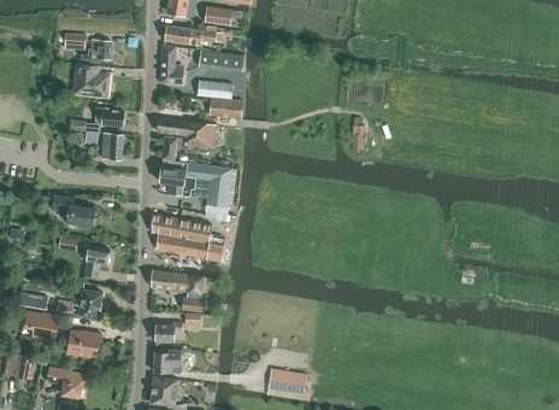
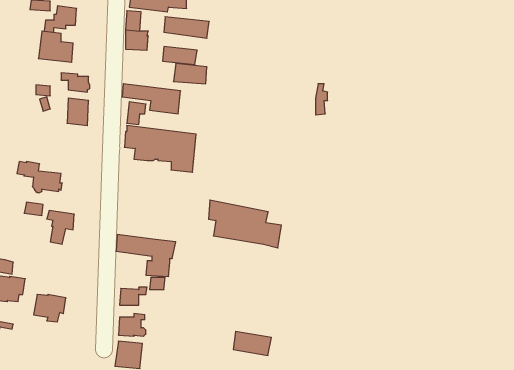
building: [151,213,224,262] -> [209,200,281,248]
building: [57,289,102,318] -> none
building: [46,368,88,399] -> none

